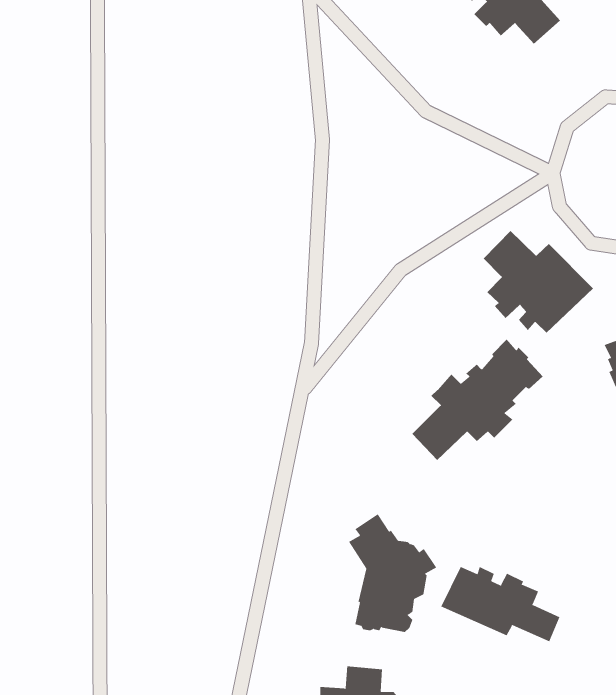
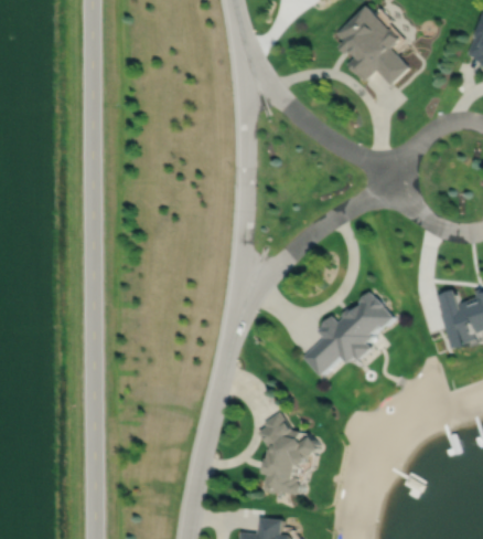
building: [483,230,594,334] -> none
building: [441,566,560,642] -> none

